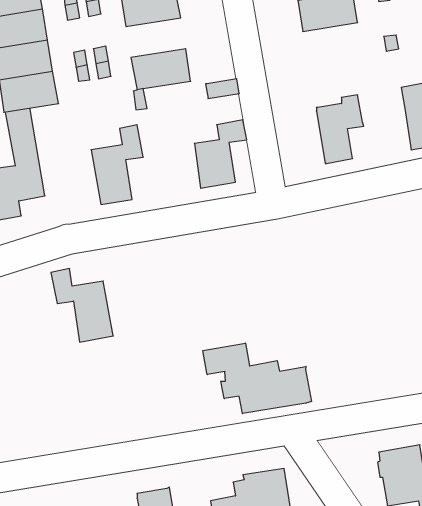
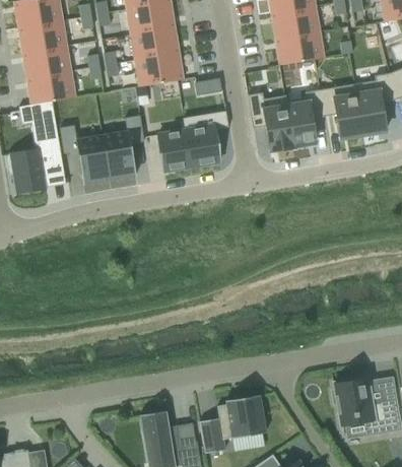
building: none -> [131,27,180,60]
building: none -> [275,31,324,65]
building: none -> [320,84,363,138]
building: none -> [249,92,294,151]
building: none -> [158,130,192,171]
building: [51,269,113,342] -> [60,125,111,185]
building: [203,343,311,414] -> none

